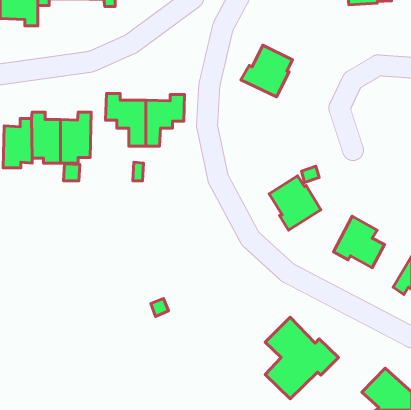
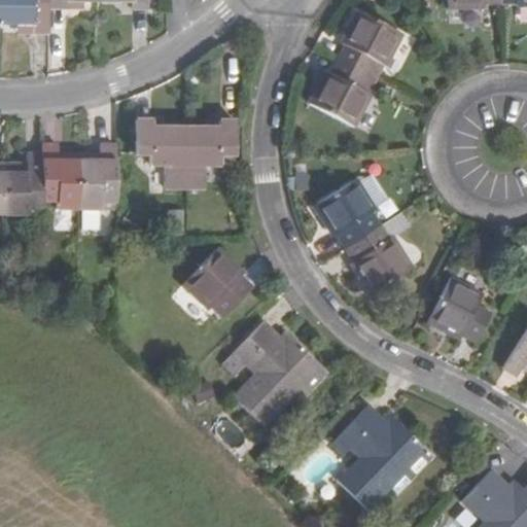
building: none -> [337,9,401,76]
building: none -> [314,178,381,247]
building: none -> [183,247,253,316]
building: none -> [234,320,327,425]

